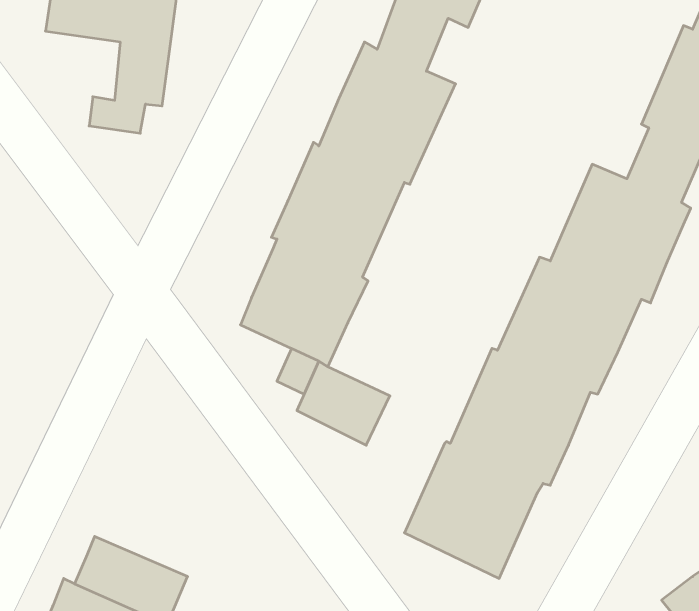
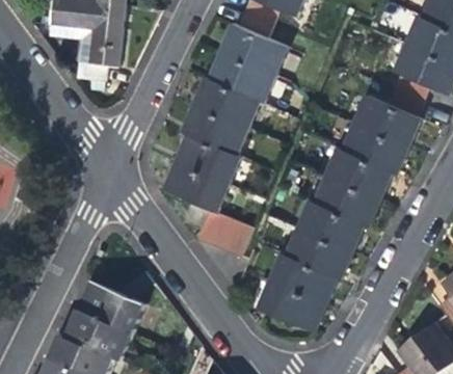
building: none -> [78,283,141,332]

